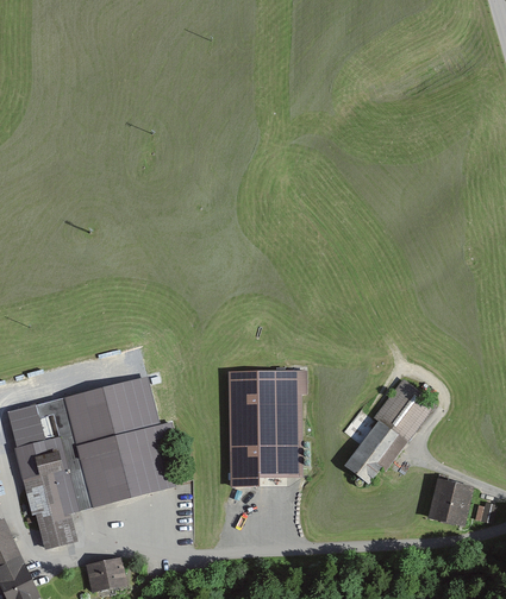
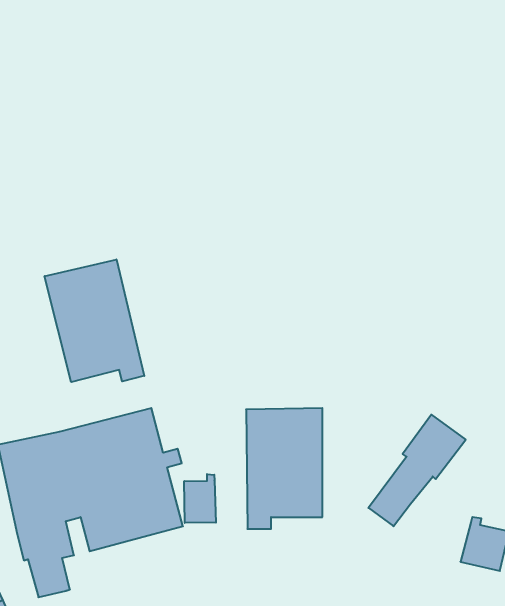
building: none -> [45,259,144,382]
building: none -> [184,474,216,523]

